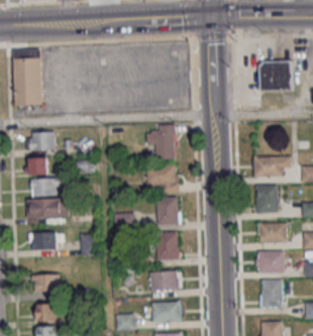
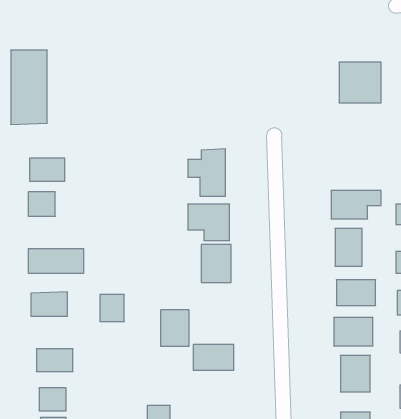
building: [30,179,64,196] -> none
building: [156,232,178,259] -> [161,310,189,346]
building: [152,302,181,322] -> none

